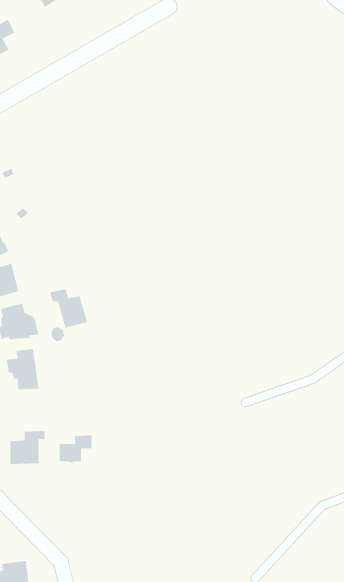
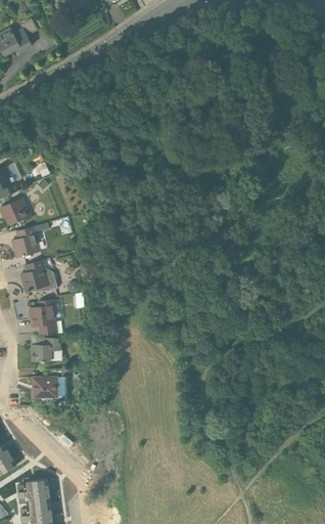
building: [49,288,88,328] -> none
building: [59,435,93,464] -> [32,338,60,362]

